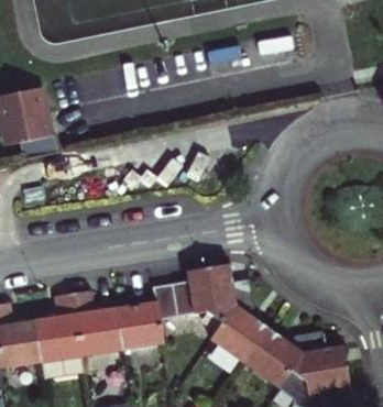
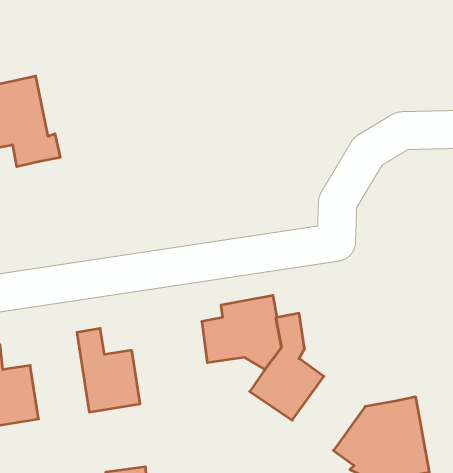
building: [116,284,176,350] -> none
building: [34,293,84,378] -> none
building: [244,328,327,387] -> none

